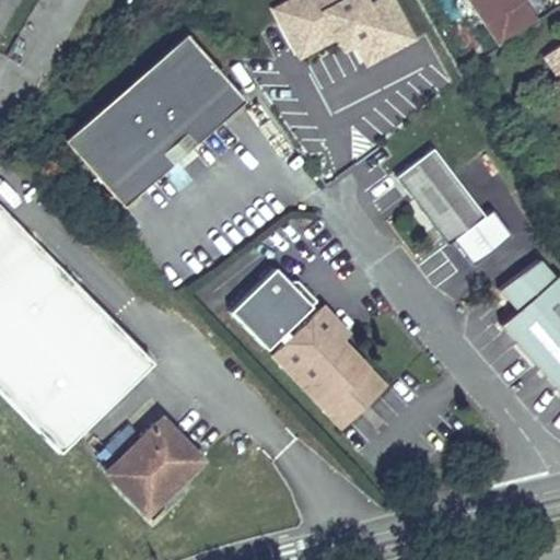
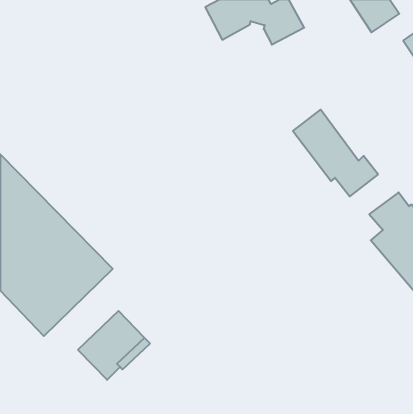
building: [66,33,247,208] -> none
building: [224,262,310,348] -> none
building: [273,305,386,427] -> none

